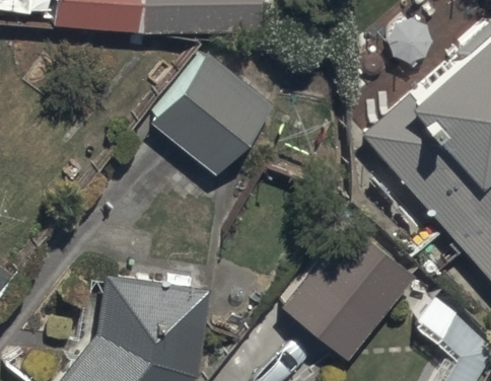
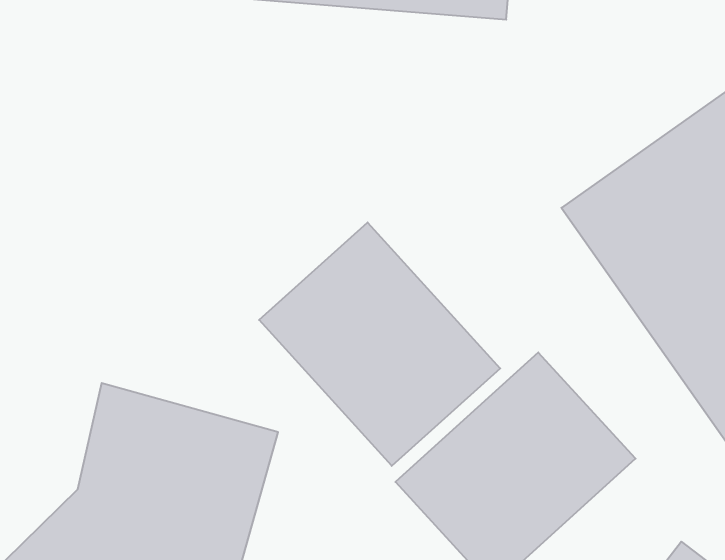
building: [151,49,274,173] -> none
building: none -> [259,222,500,466]

